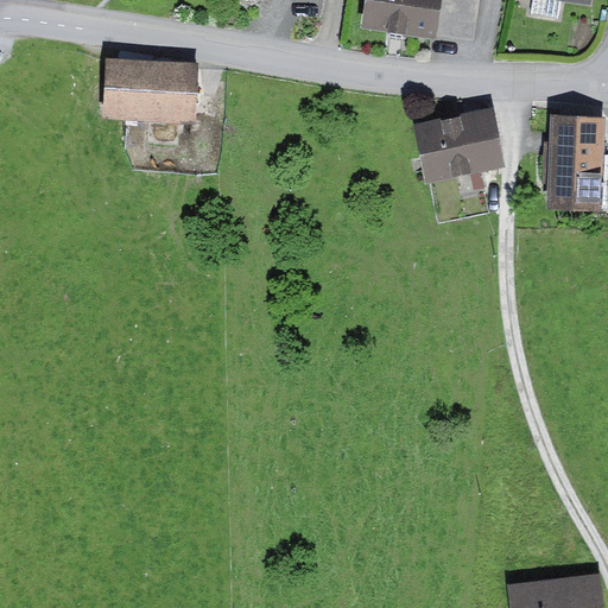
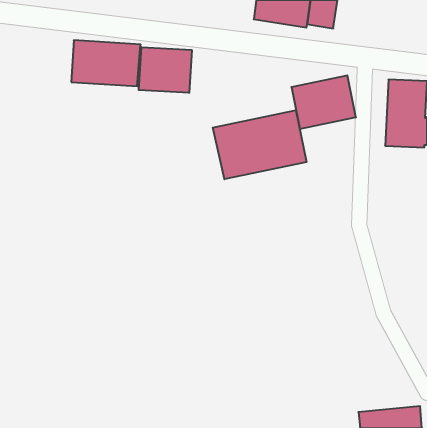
building: none -> [139,47,192,93]
building: none -> [213,110,307,179]

